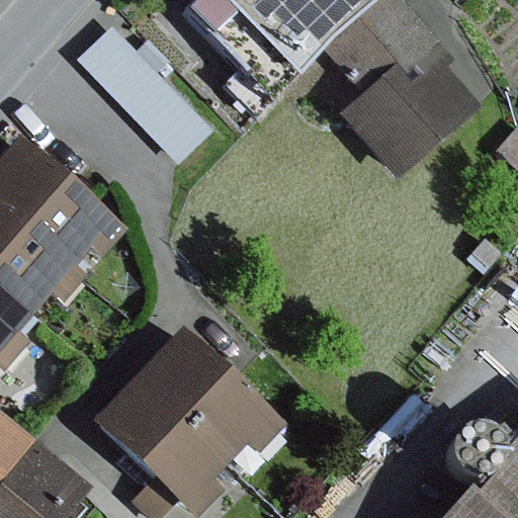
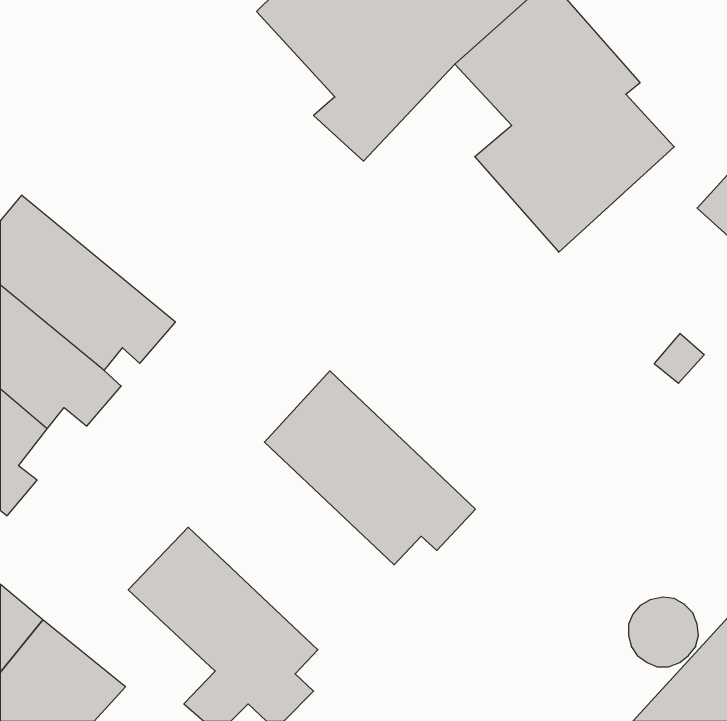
building: [79,24,214,162] -> none
building: [135,324,284,461] -> [264,371,475,565]

